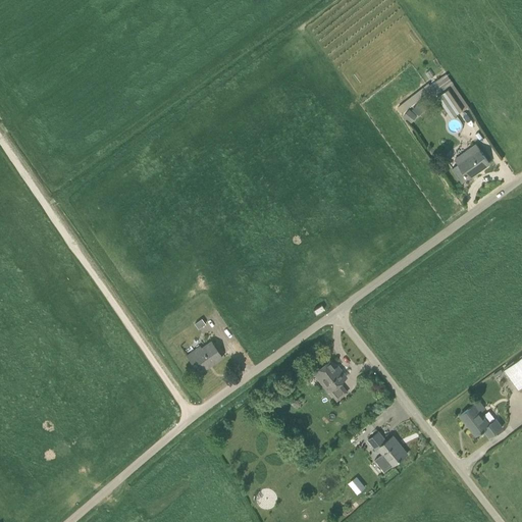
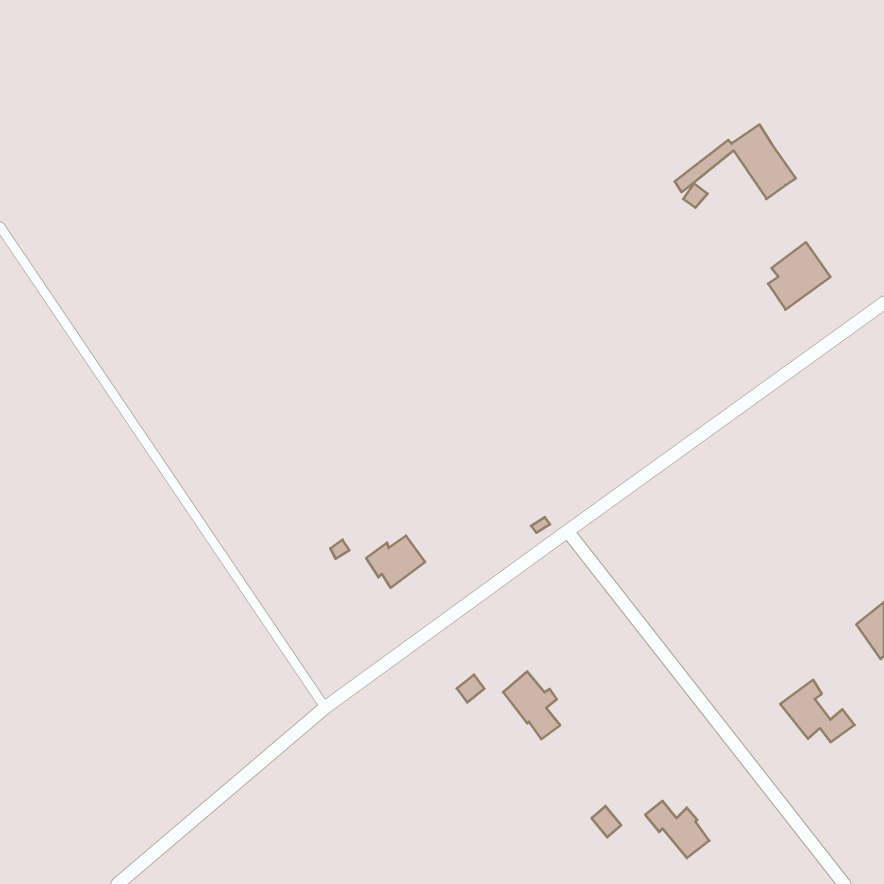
building: [188,342,222,372] -> [366,536,425,588]
building: [314,361,348,401] -> [503,672,560,739]
building: [368,431,406,465] -> [645,801,709,858]

